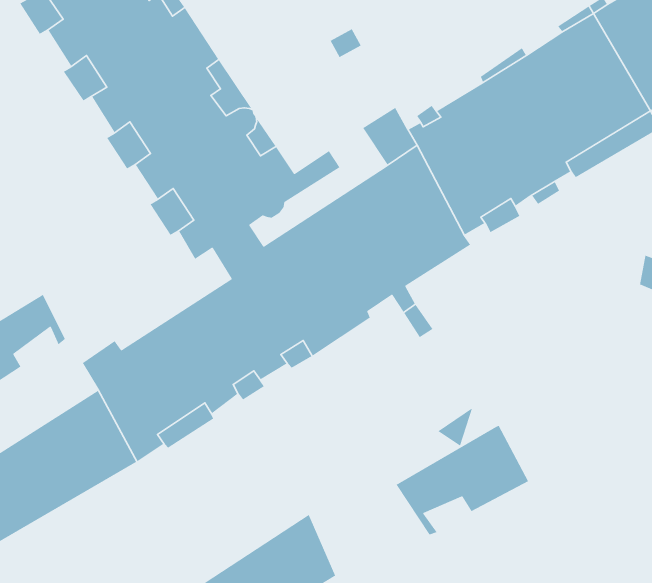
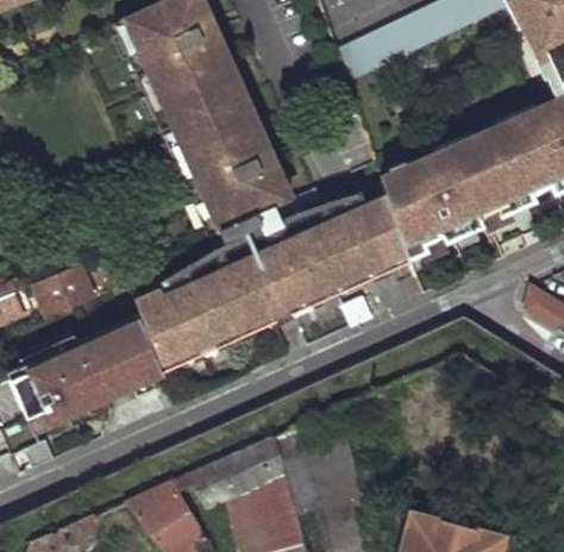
building: [396,425,529,536] -> none

